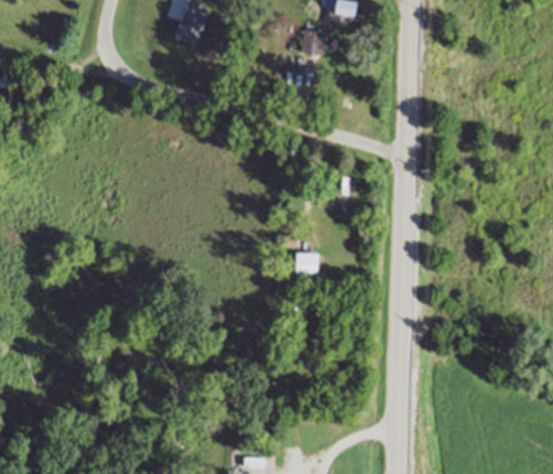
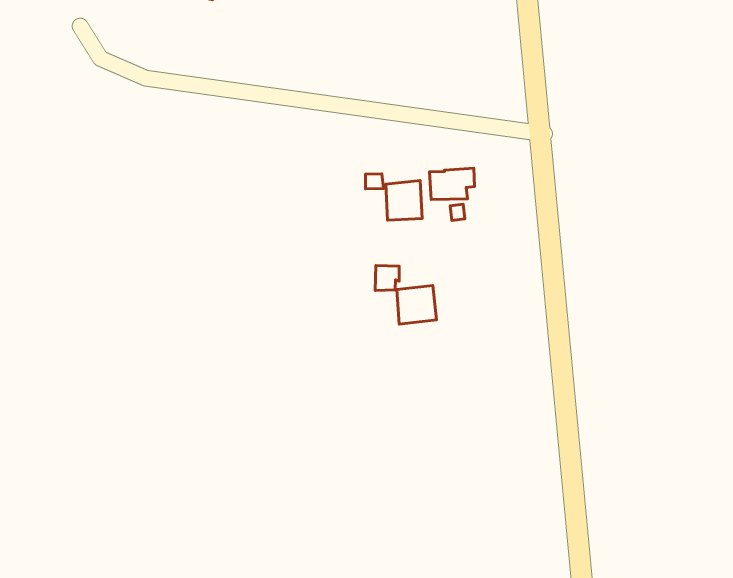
building: none -> [386,180,422,220]

